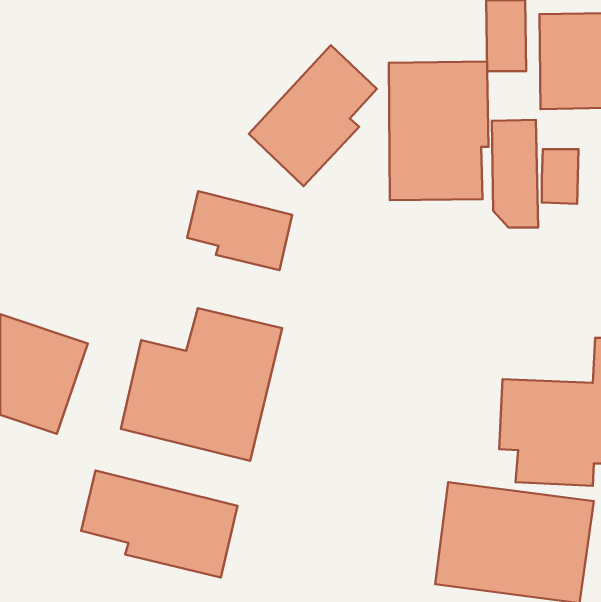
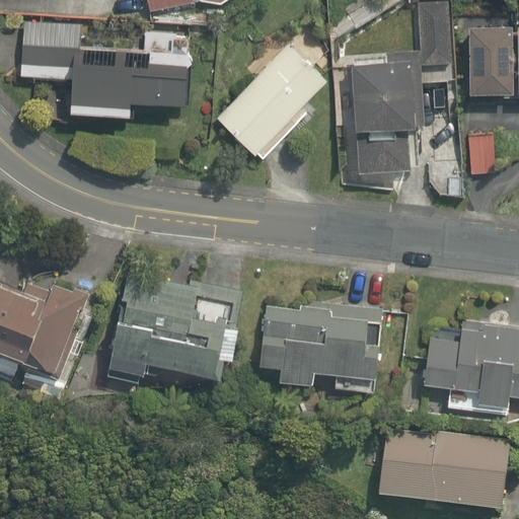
building: none -> [17,18,193,126]
building: [187,191,292,270] -> none
building: none -> [258,294,386,389]
building: [81,470,237,578] -> none

